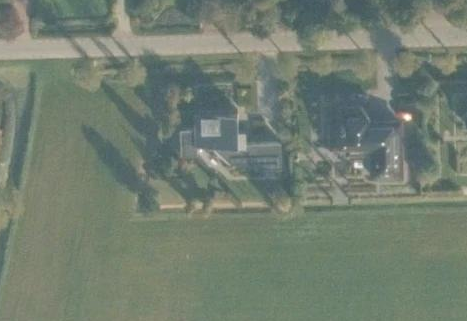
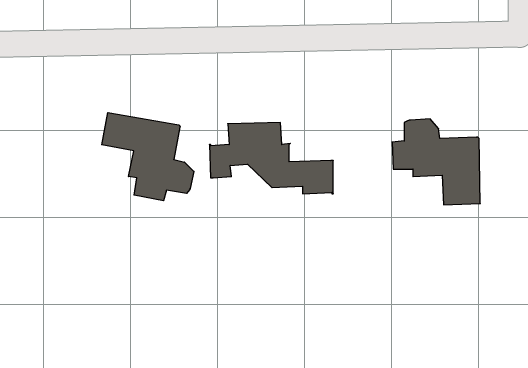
building: none -> [102,113,194,201]

